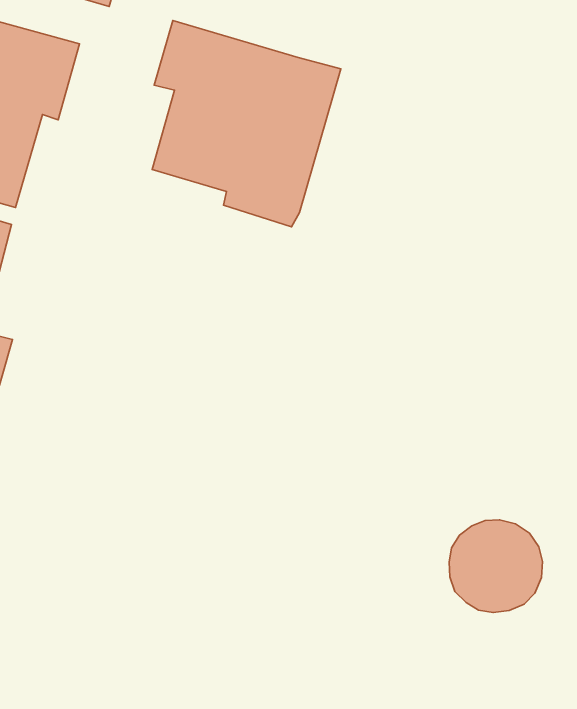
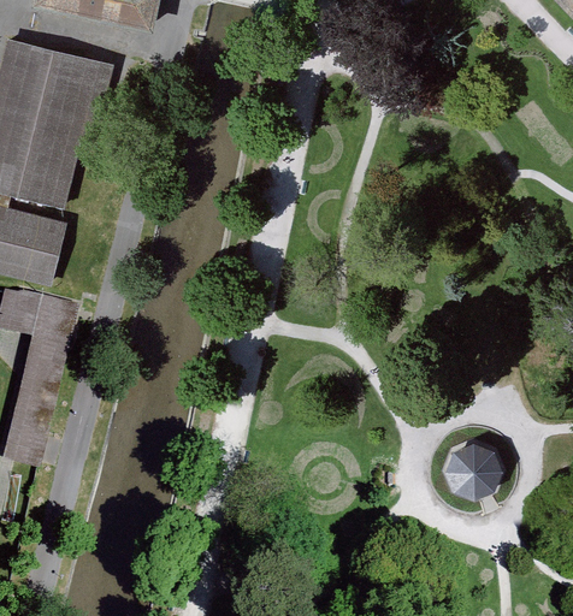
building: [152,21,341,227] -> none

